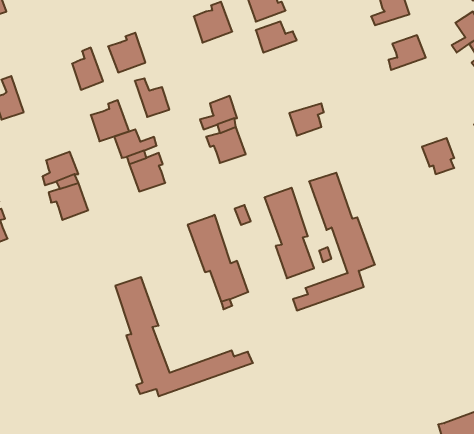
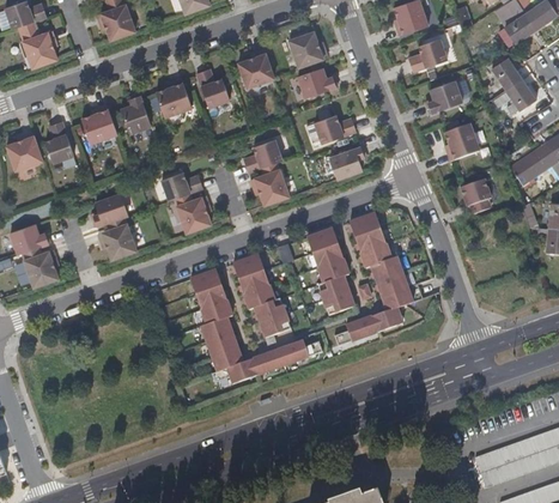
building: none -> [315,114,356,143]
building: [135,78,169,117] -> [196,69,230,107]
building: none -> [444,125,478,160]
building: [91,100,129,141] -> [81,103,119,143]
building: [115,277,253,396] -> [190,269,323,384]

